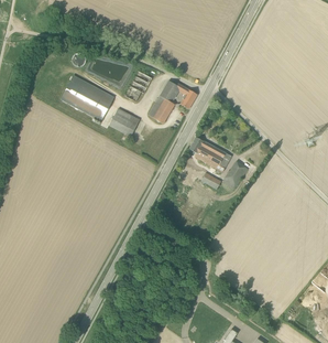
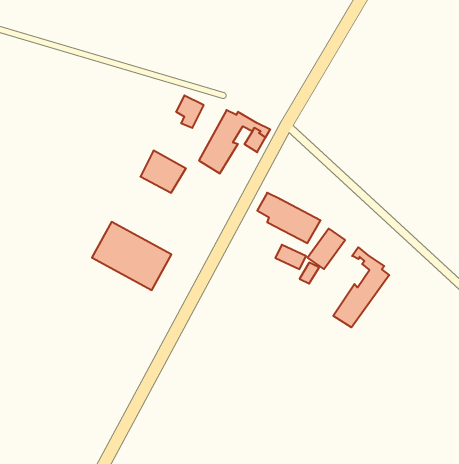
building: [61,74,114,120] -> [92,222,171,290]
building: none -> [333,247,389,327]

